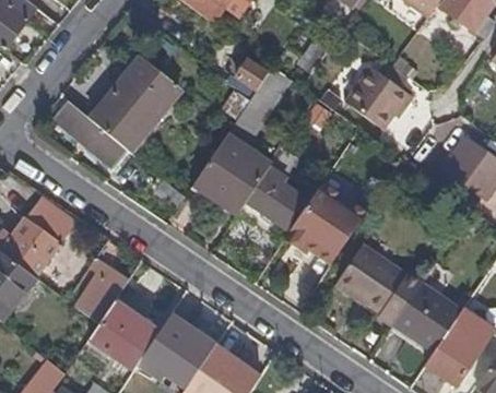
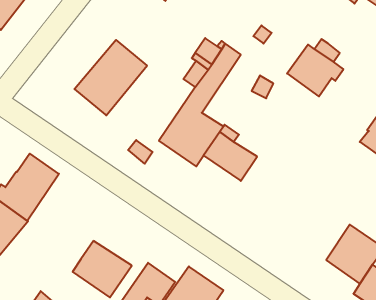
building: [51,99,128,168] -> none
building: [291,200,366,264] -> none
building: [335,242,424,325] -> none
building: [79,264,129,323] -> none

